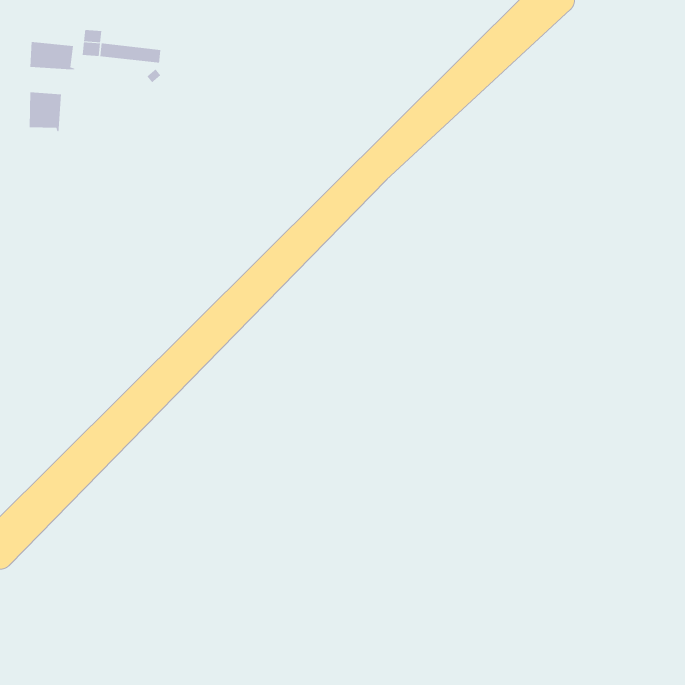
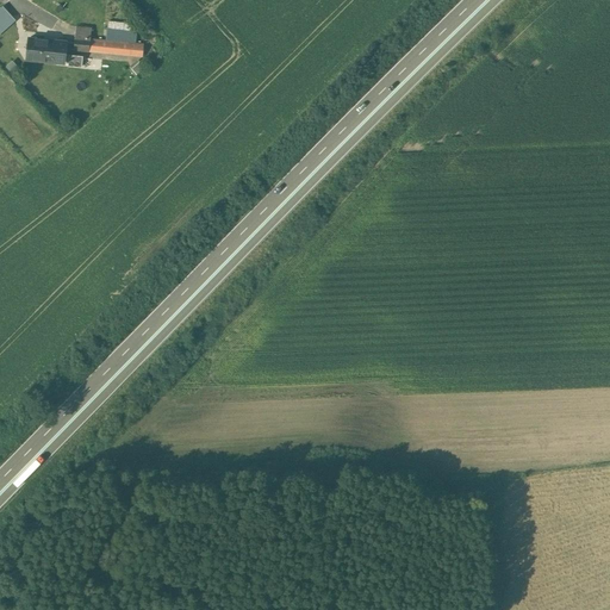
building: [29,91,62,132] -> none

